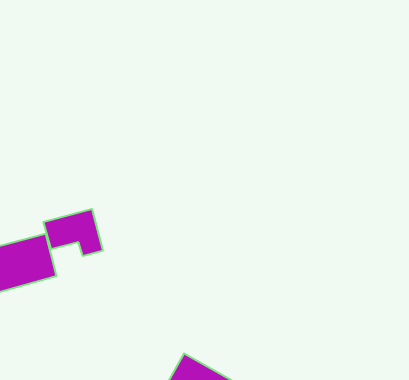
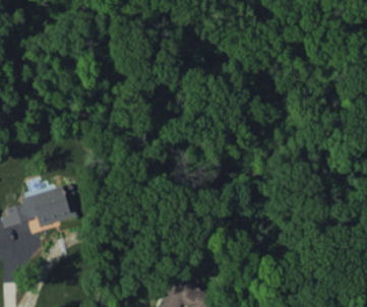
building: [43,209,103,256] -> none

